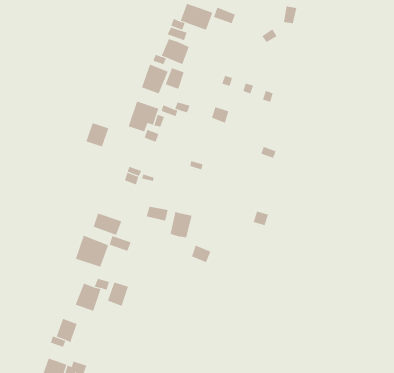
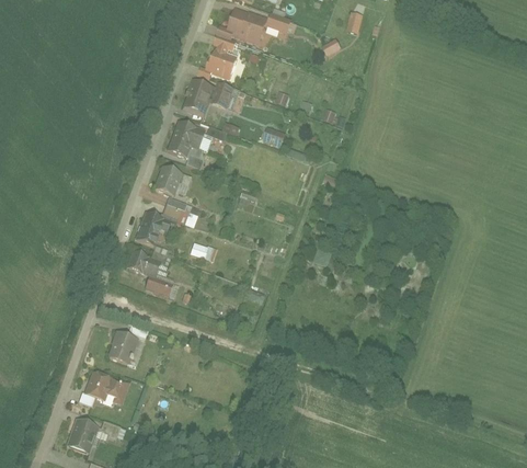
building: [85,123,109,147] -> [154,165,182,194]
building: none -> [137,210,168,242]
building: [170,211,192,238] -> none
building: [75,235,109,268] -> none
building: [107,282,129,306] -> [103,375,128,403]

